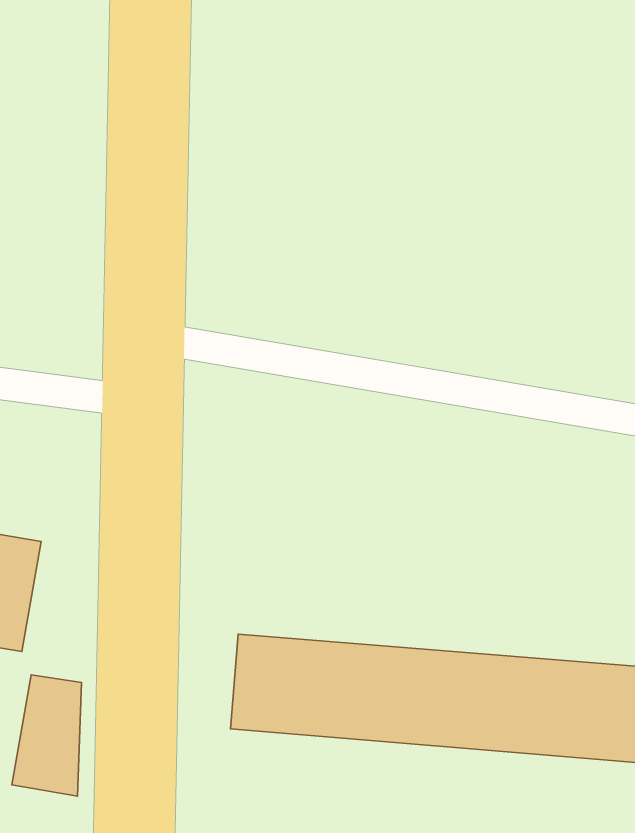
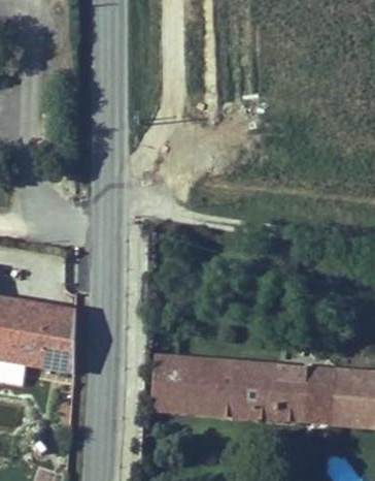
building: [12,675,81,796] -> [40,307,77,372]

